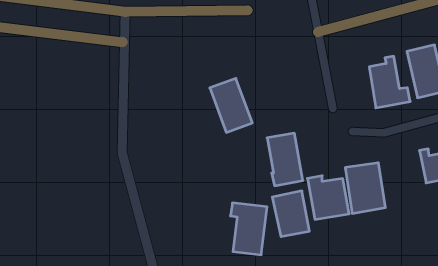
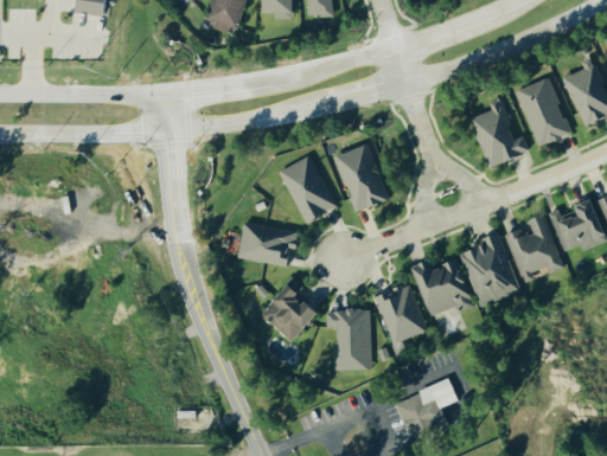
building: none -> [239,223,299,265]
building: [267,133,303,186] -> [336,144,388,213]
building: none -> [505,214,562,278]
building: none -> [261,278,320,342]

